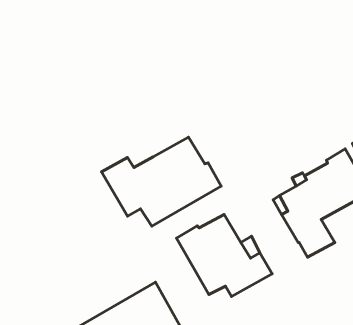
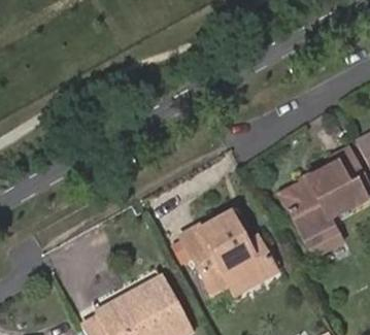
building: [101,137,221,226] -> none

